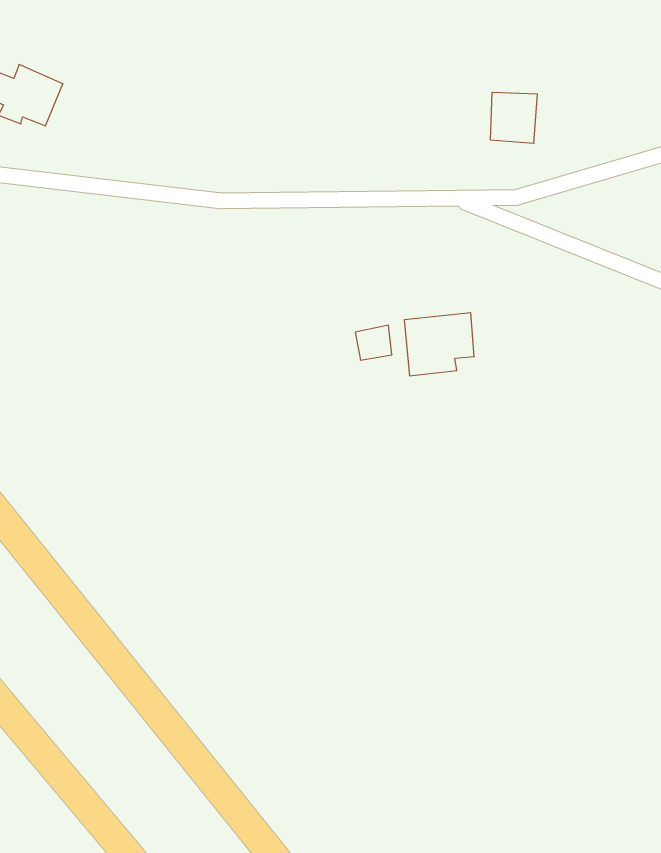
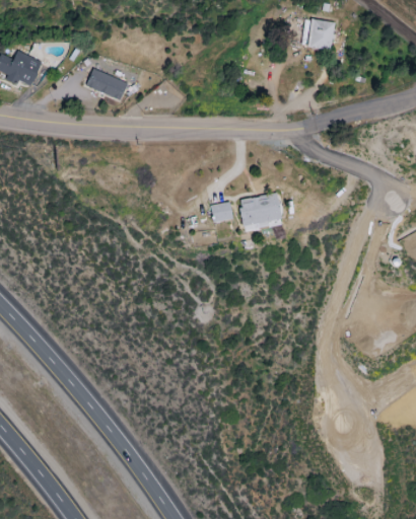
building: [490,92,537,143] -> [307,20,335,50]
building: none -> [86,69,128,100]

